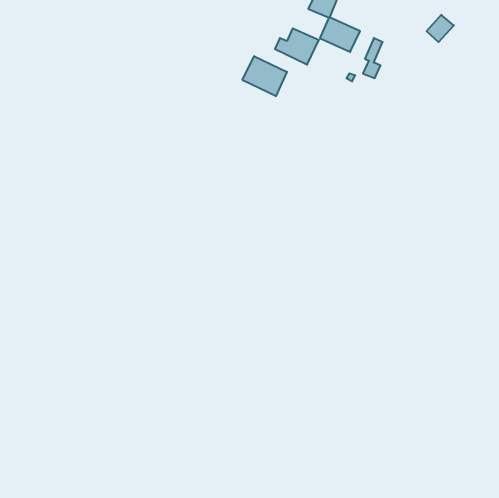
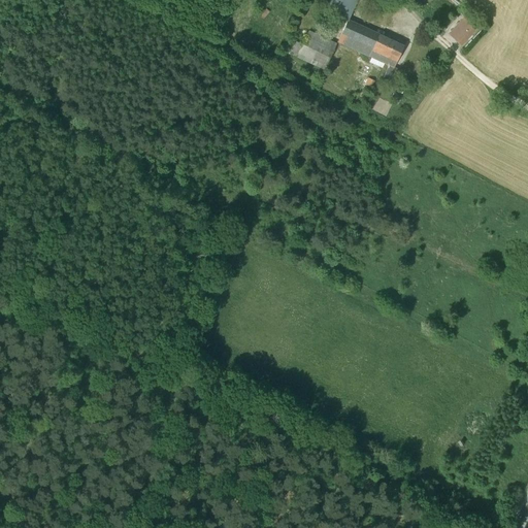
building: none -> [370,33,395,62]
building: [242,56,287,96] -> none

